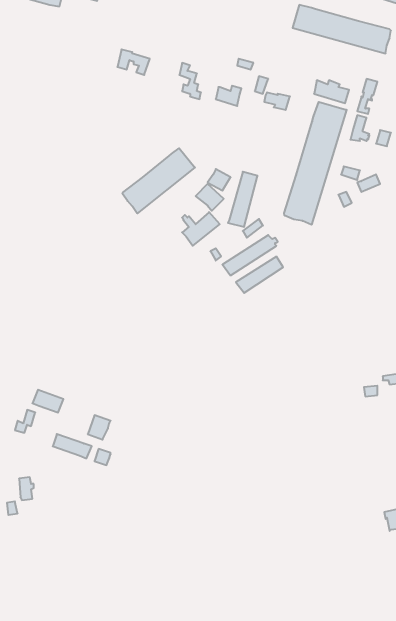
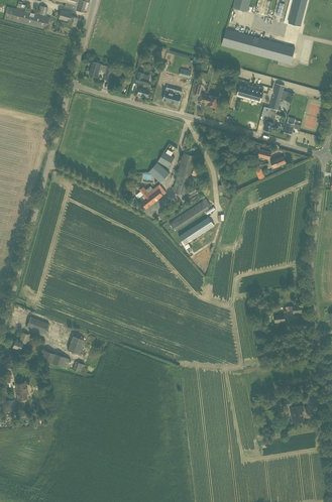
building: [284,102,347,225] -> none
building: [123,148,195,213] -> none

